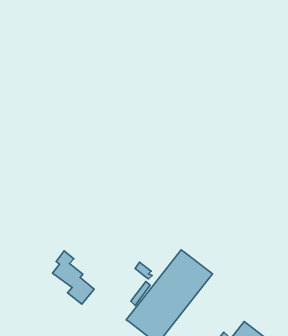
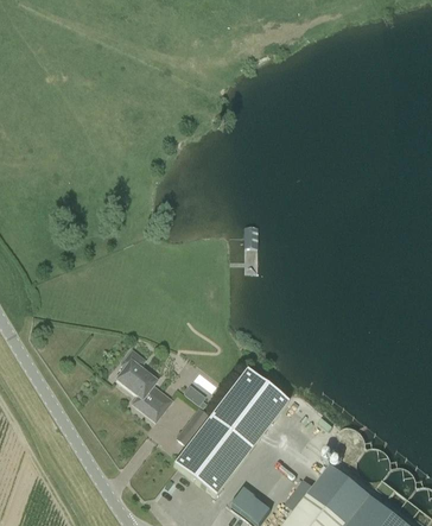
building: [53,251,94,304] -> [116,349,172,420]

